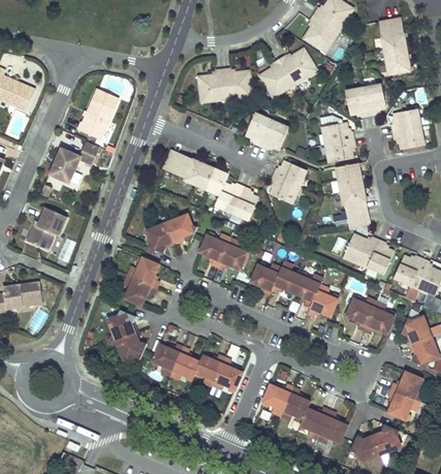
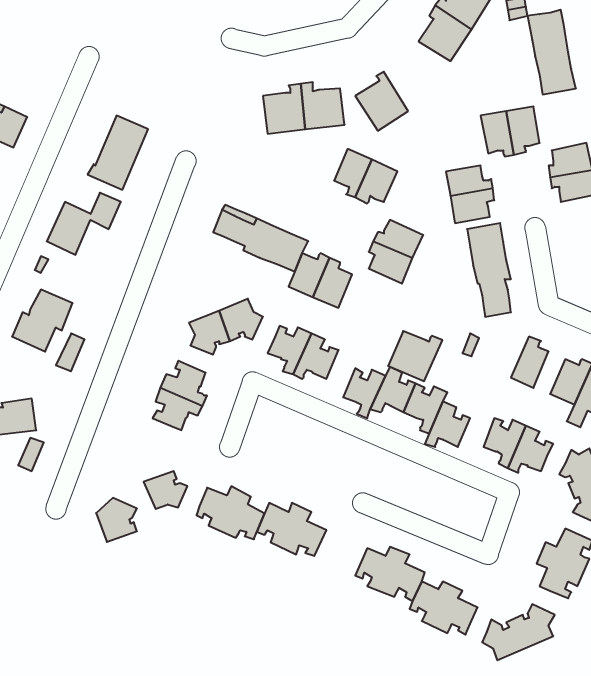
building: [280,49,320,86] -> none
building: [342,233,379,267] -> [388,331,442,381]
building: [108,309,136,339] -> [96,498,137,542]

